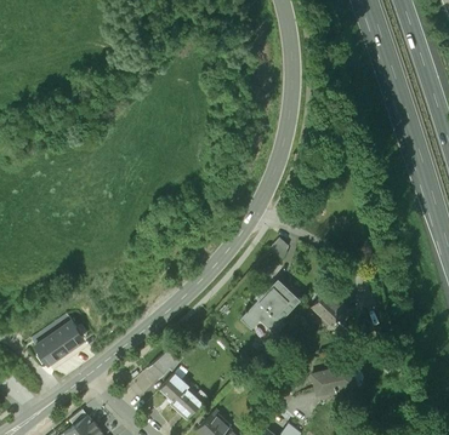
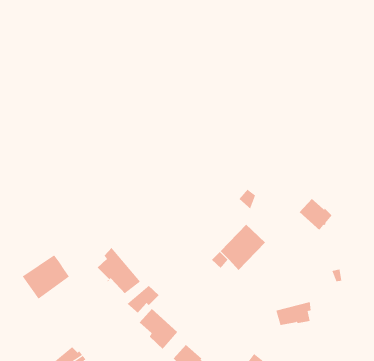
building: [312,293,349,330] -> [299,198,333,231]
building: none -> [97,247,141,294]

